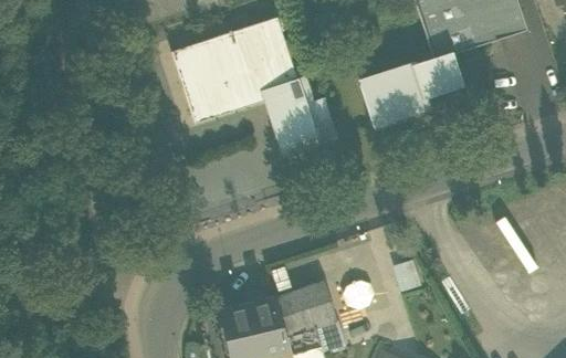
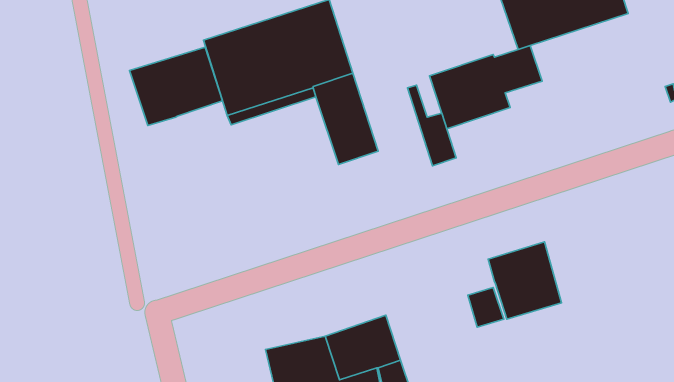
building: none -> [130,47,223,126]
building: [296,77,337,145] -> [407,85,456,166]
building: none -> [488,242,562,319]

